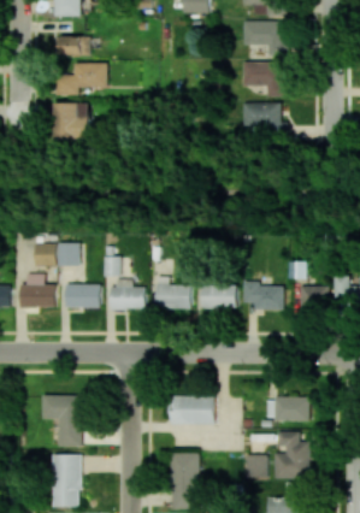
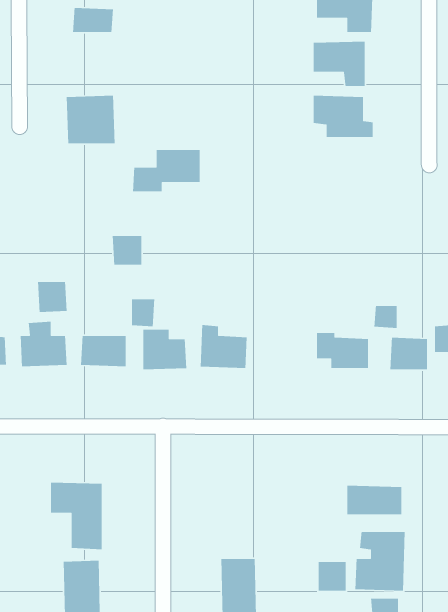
building: [57,63,108,95] -> [132,149,201,192]
building: [57,243,79,266] -> [112,235,142,266]
building: [202,284,237,309] -> none
building: [170,396,214,425] -> none

